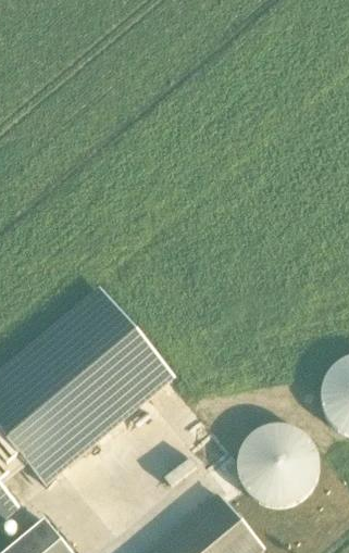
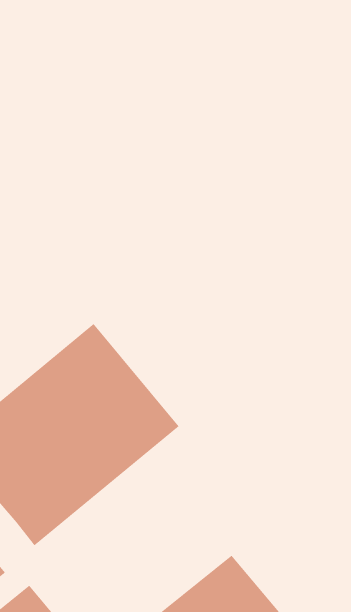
building: [250,429,314,504] -> none

